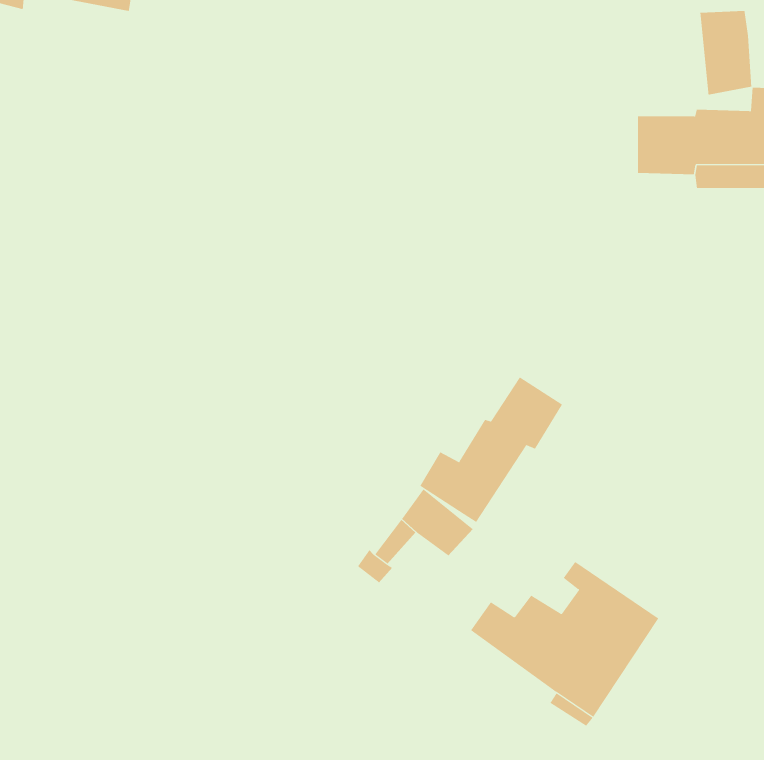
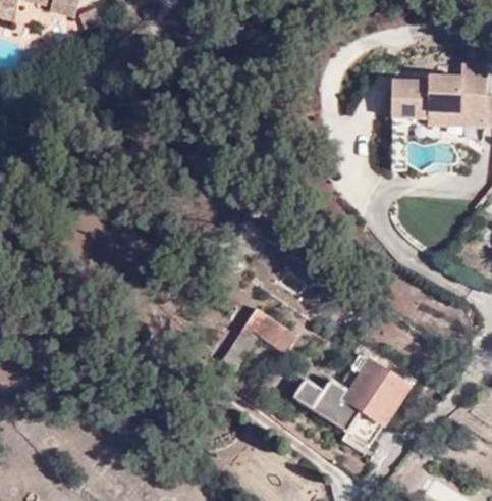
building: [700,10,752,95] -> none
building: [419,377,563,523] -> none

